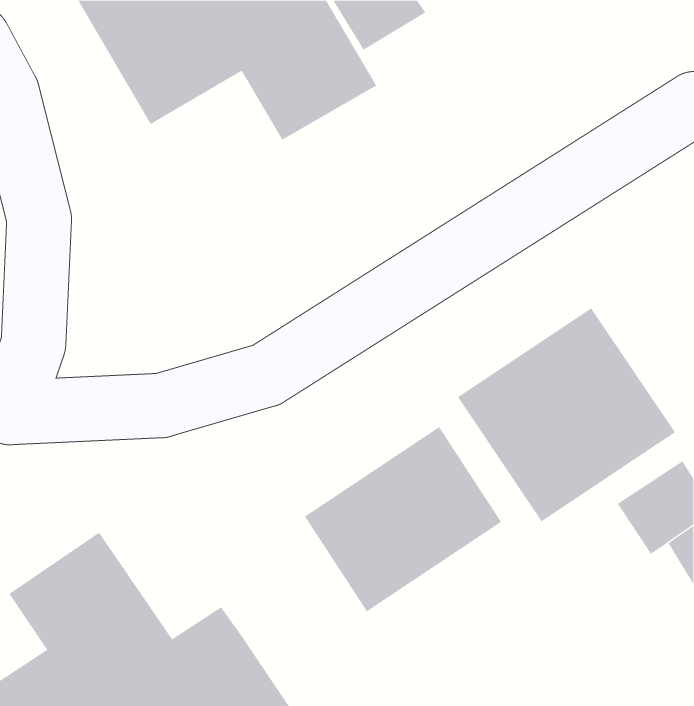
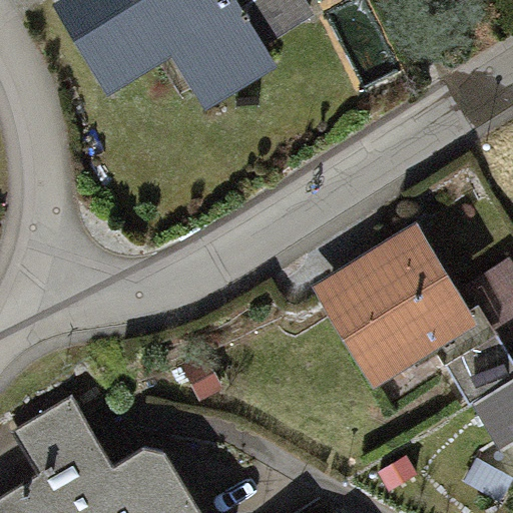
building: [304,426,502,612] -> none

